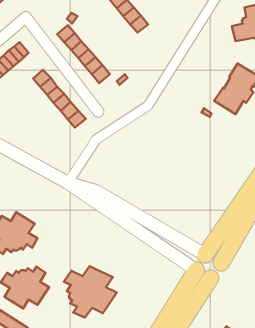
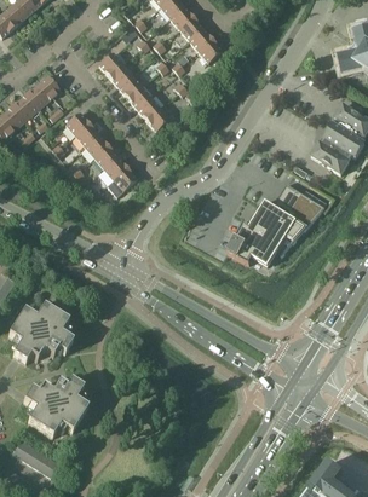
building: none -> [226,181,324,265]
building: [64,266,117,318] -> none

